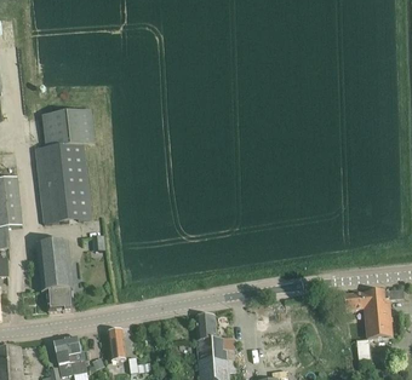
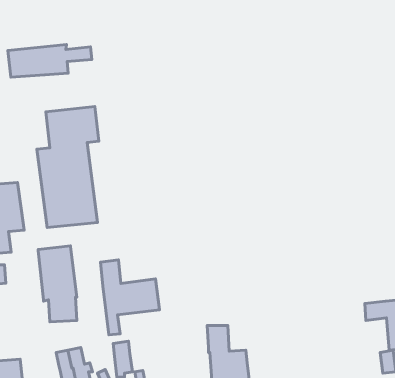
building: none -> [8,44,92,77]
building: none -> [101,260,159,335]

